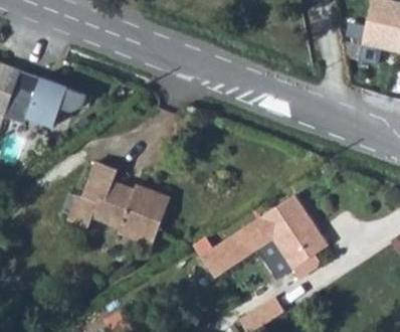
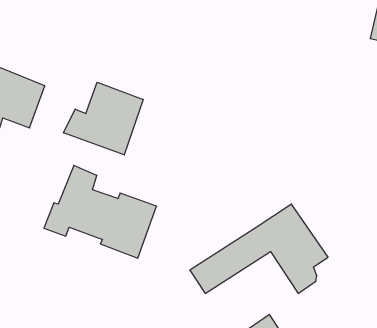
building: none -> [64,82,143,155]

